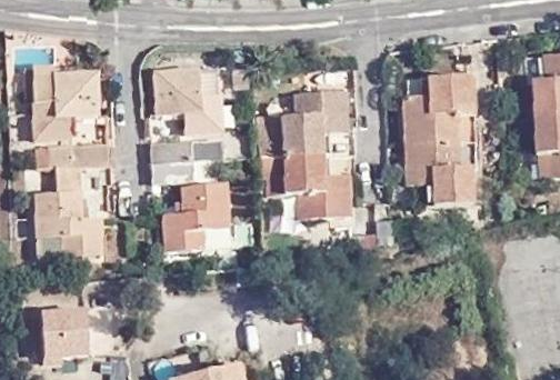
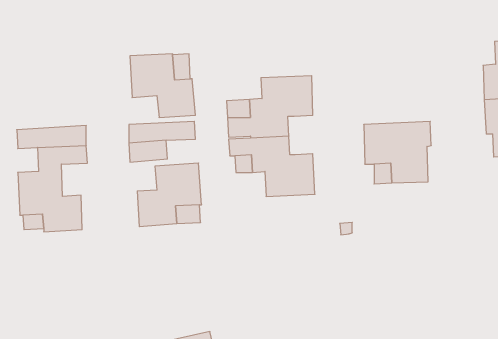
building: [32,70,100,140] -> none
building: [403,76,476,142] -> none
building: [36,306,88,359] -> none

